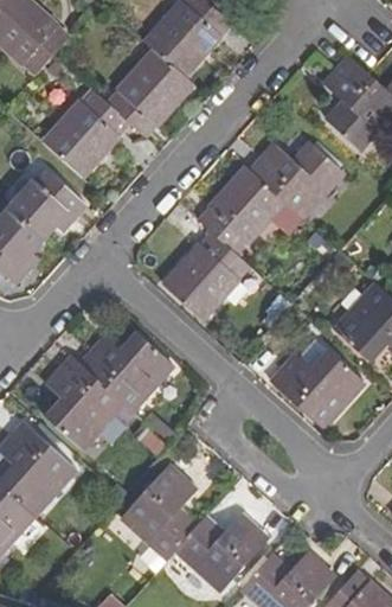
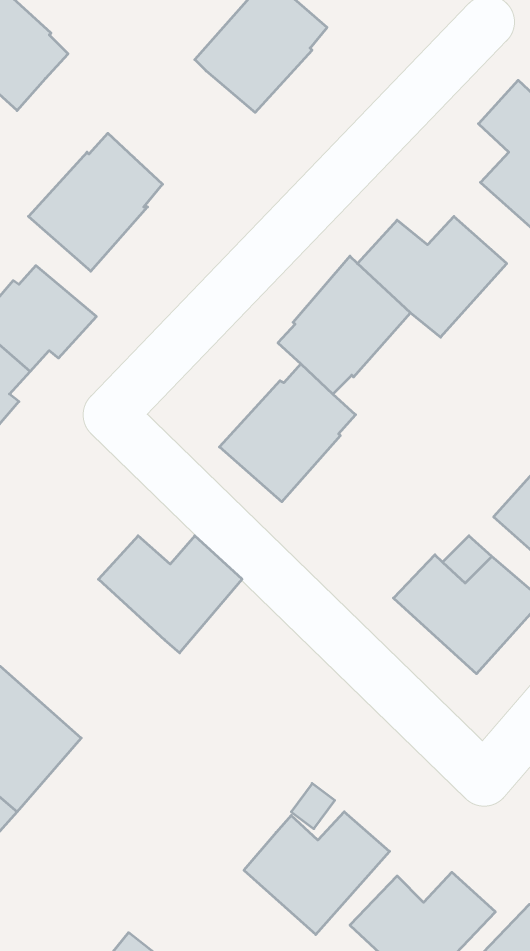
building: [108,49,192,134] -> none
building: [50,359,127,452] -> none
building: [121,464,197,558] -> none

